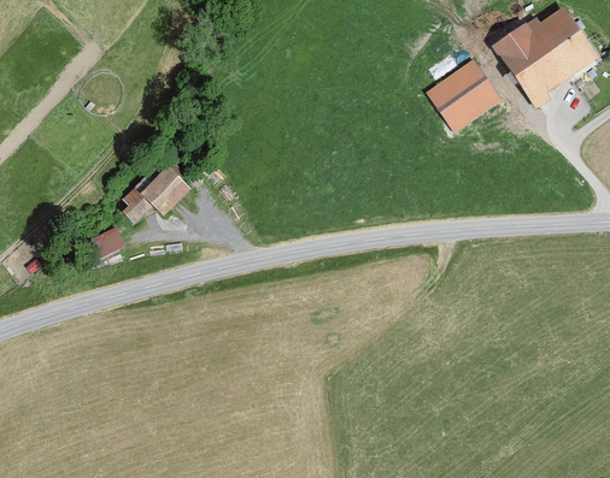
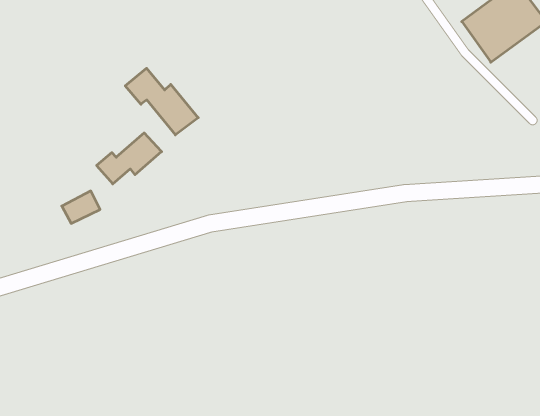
building: [432,61,495,122] -> none
building: none -> [125,68,198,135]

